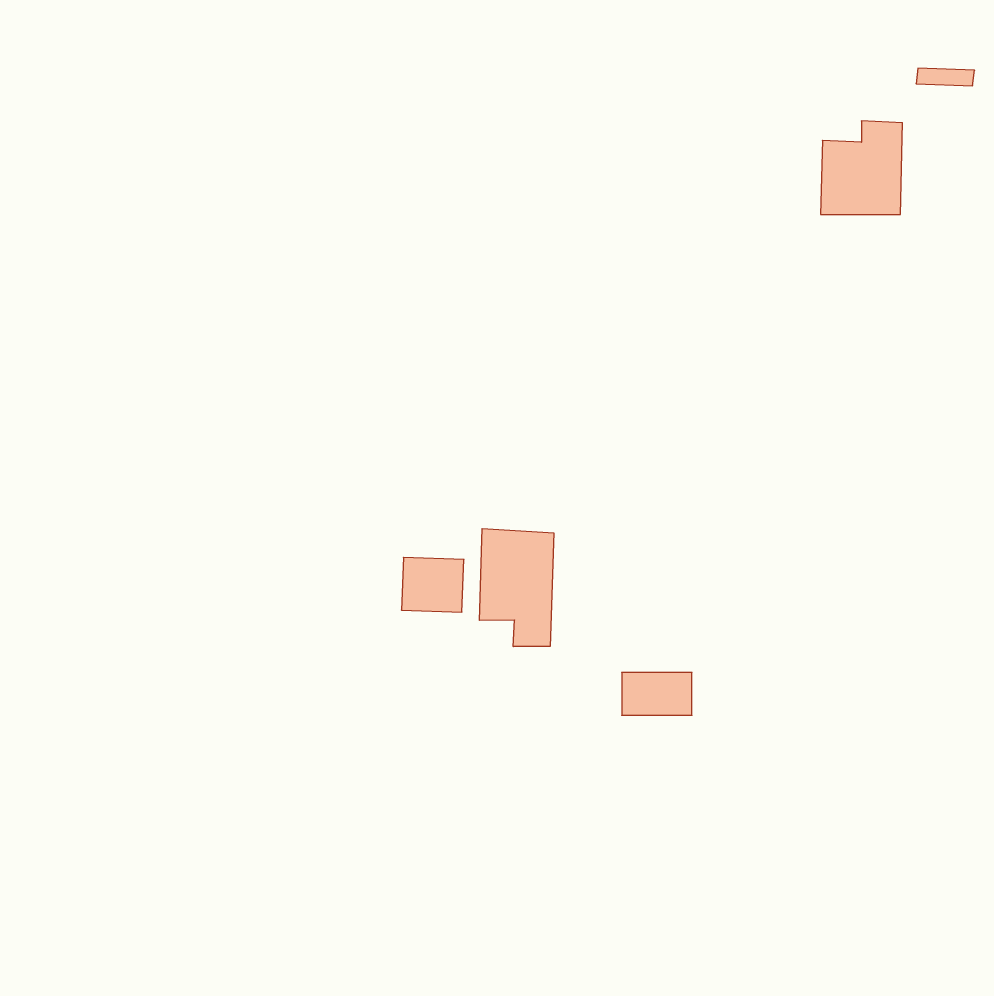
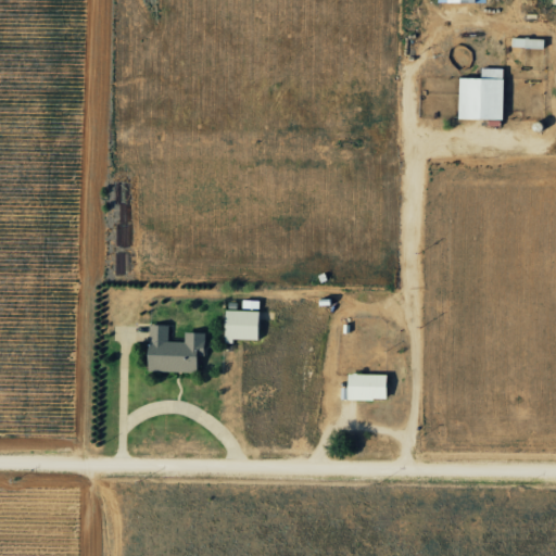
building: [479,529,554,647] -> none
building: none -> [148,326,204,372]

